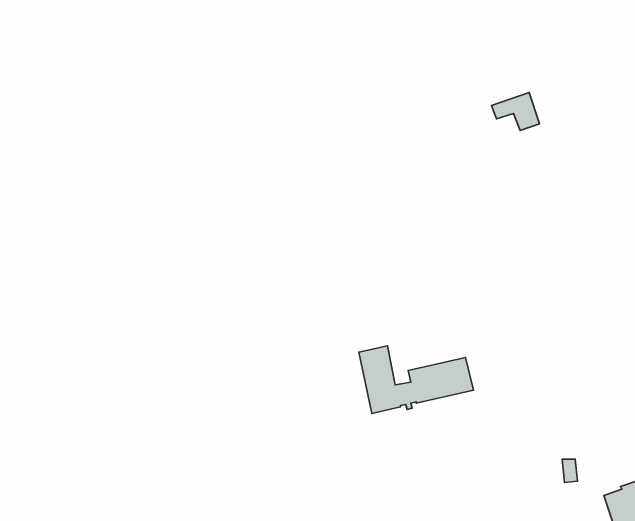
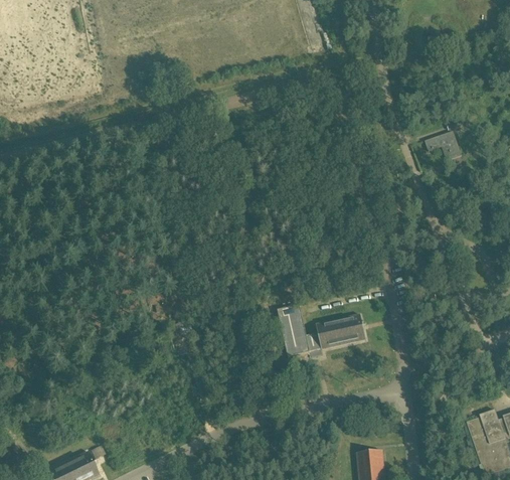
building: [491,93,540,130] -> [424,130,462,159]

